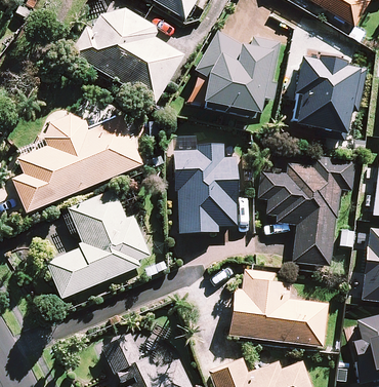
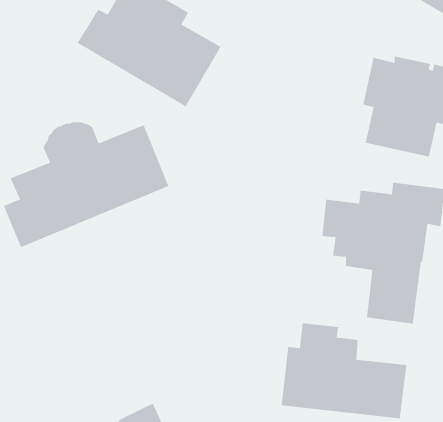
building: [196,35,281,120] -> none
building: [173,147,240,237] -> none
building: [45,190,151,298] -> none

